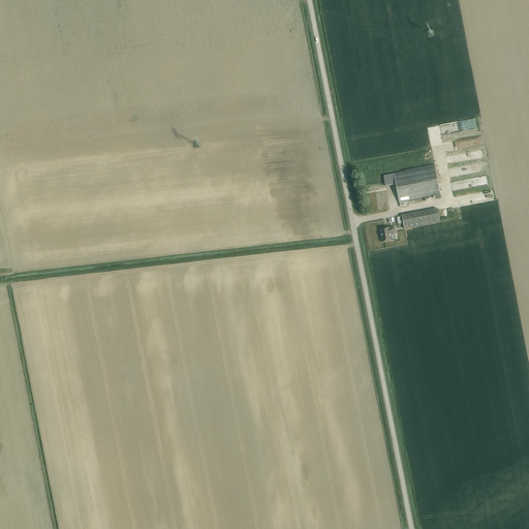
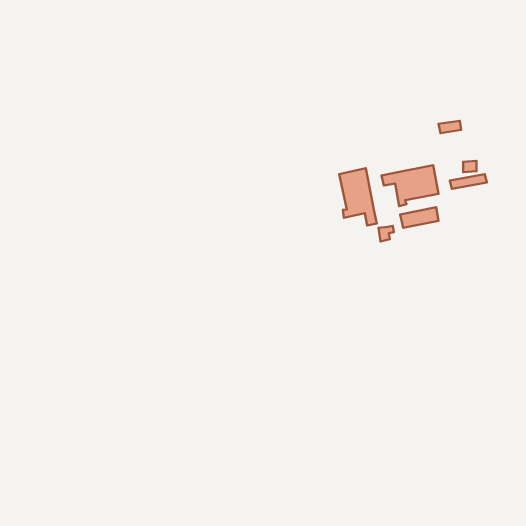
building: none -> [339,168,377,225]

